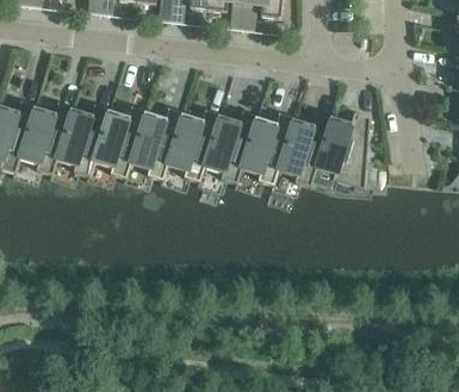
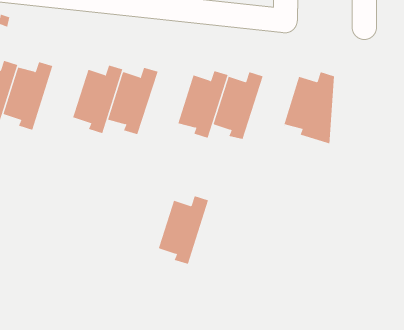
building: [52,105,111,176] -> none
building: [163,110,222,182] -> [153,196,209,265]
building: [274,114,333,187] -> none

